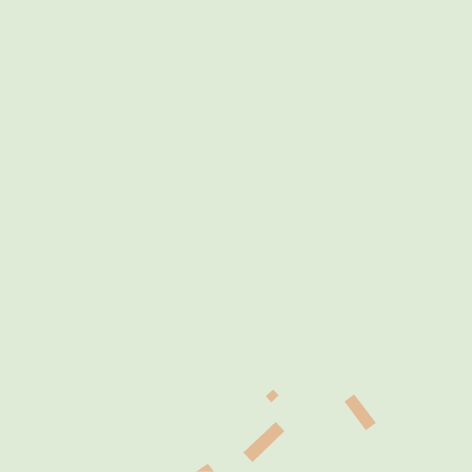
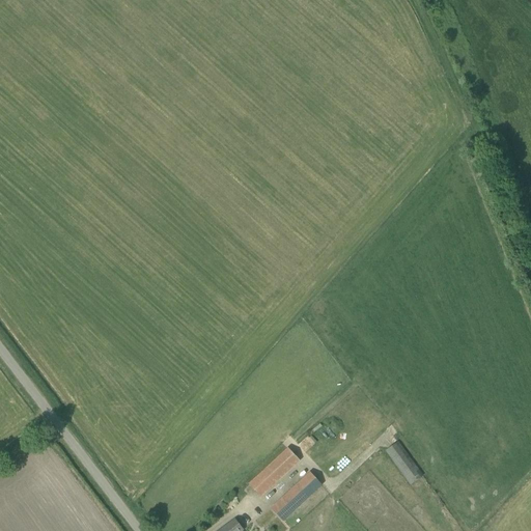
building: none -> [249,448,298,495]

